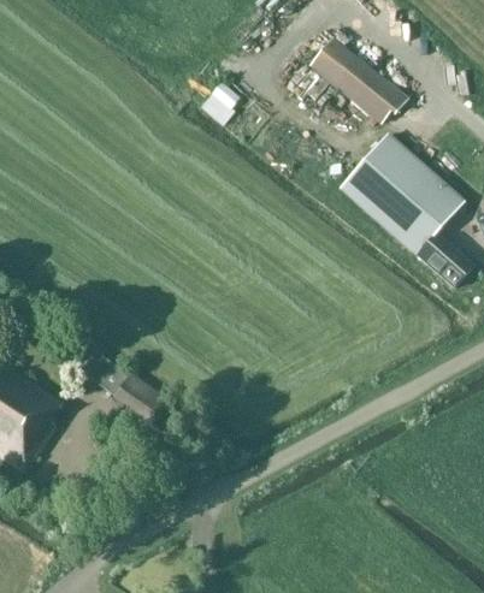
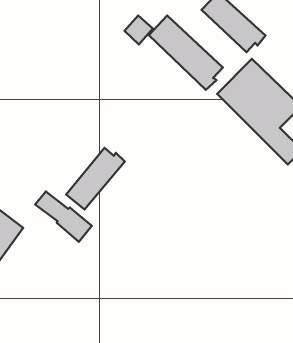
building: none -> [149,16,223,90]
building: none -> [66,148,125,210]

